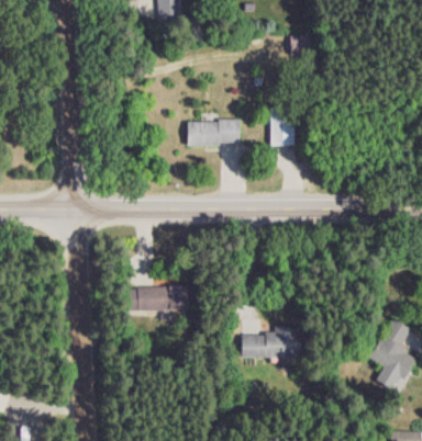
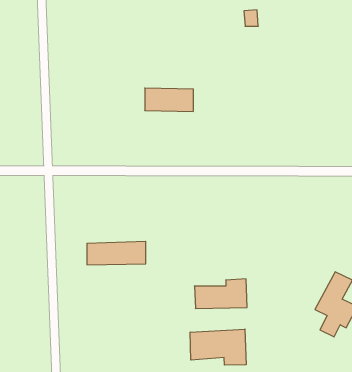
building: [273,112,296,146] -> none
building: none -> [190,329,246,365]

